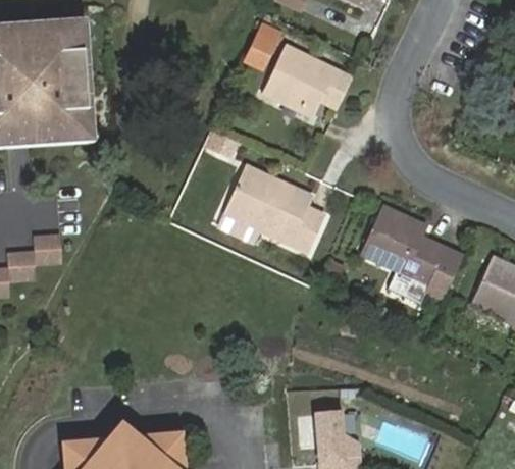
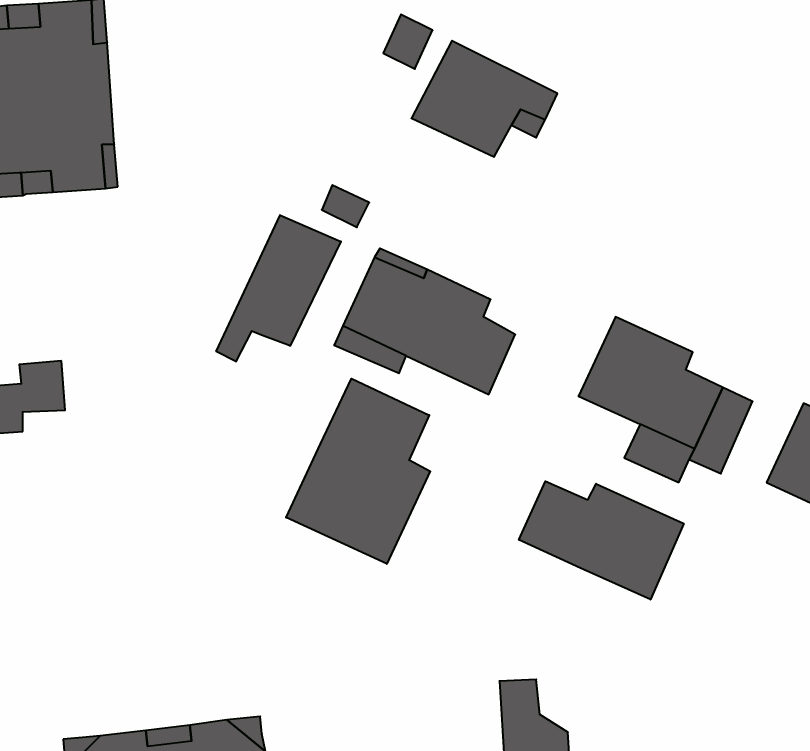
building: none -> [216,215,341,362]
building: none -> [286,379,430,564]
building: none -> [519,481,684,600]

